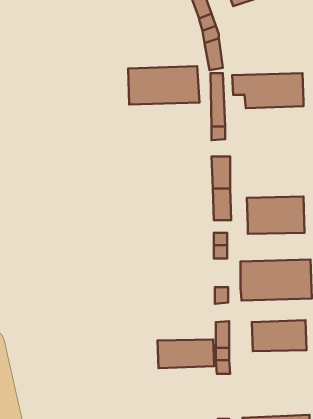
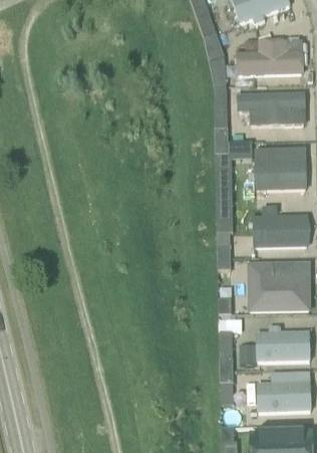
building: [128,66,199,104] -> [235,35,304,72]
building: none -> [254,150,307,188]
building: [157,339,214,368] -> [256,384,311,412]

